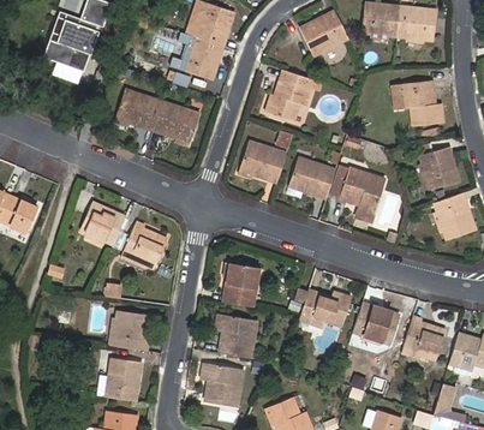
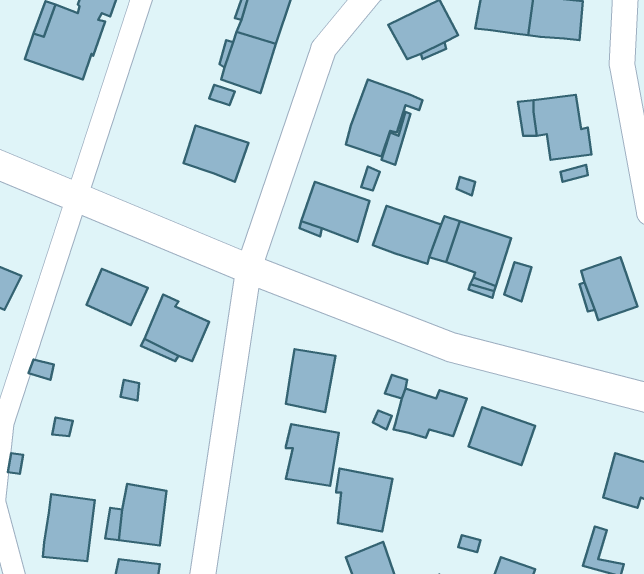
building: [115,89,162,129] -> none
building: [419,150,458,191] -> none
building: [114,307,150,347] -> none
building: [402,317,446,362] -> none
building: [205,359,245,404] -> [336,468,392,532]
building: none -> [43,494,95,561]

